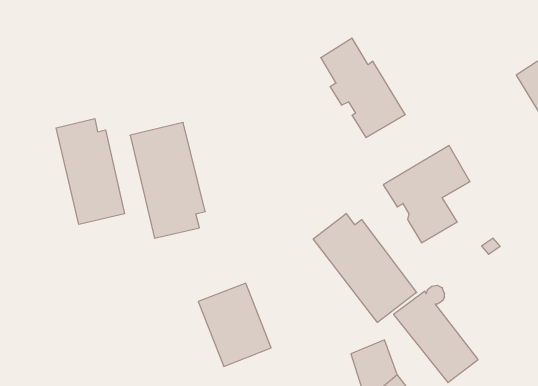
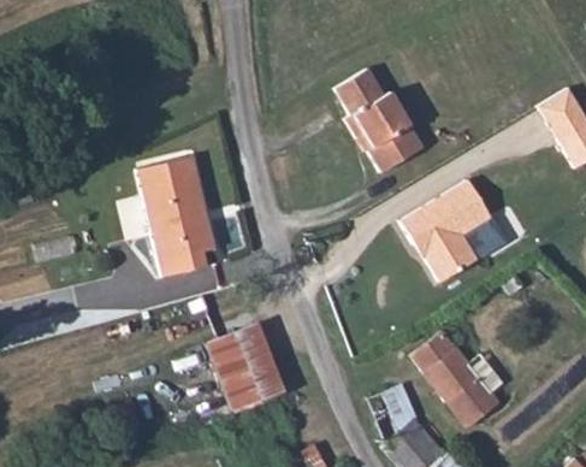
building: [56,119,125,224] -> none
building: [313,213,417,322] -> none

